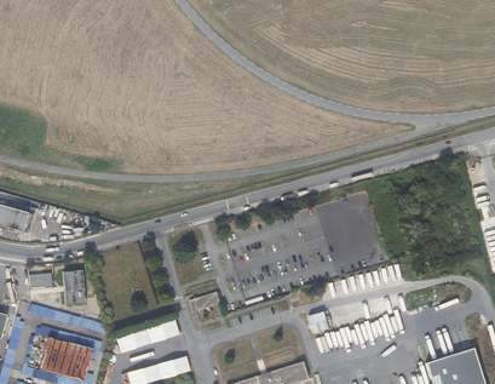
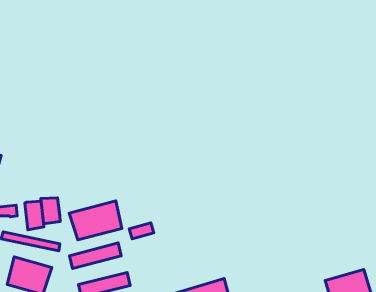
building: none -> [41,198,60,223]
building: none -> [69,201,122,240]

